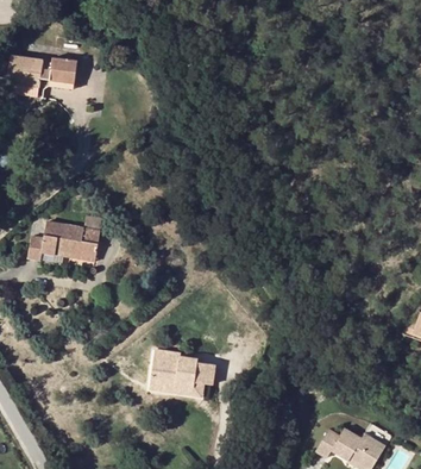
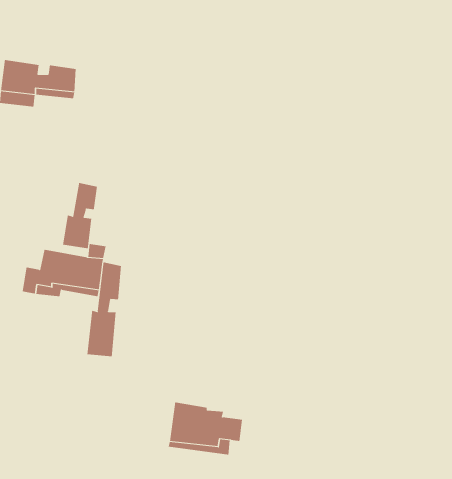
building: none -> [62,182,97,249]
building: none -> [87,262,122,357]

